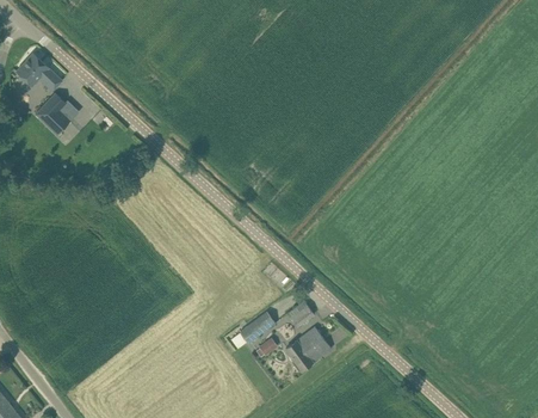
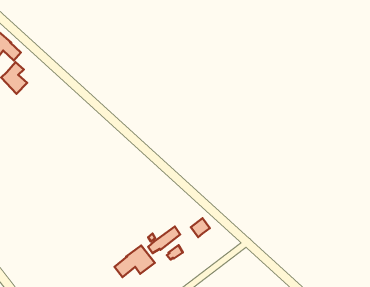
building: [285,326,332,370] -> none
building: none -> [114,245,155,277]

